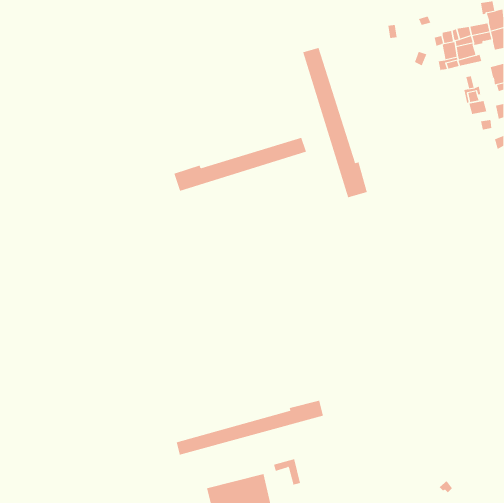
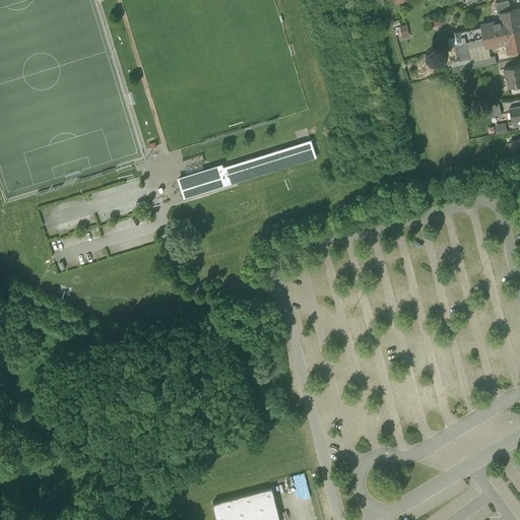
building: [303,47,368,198] -> none
building: [176,400,324,456] -> none

